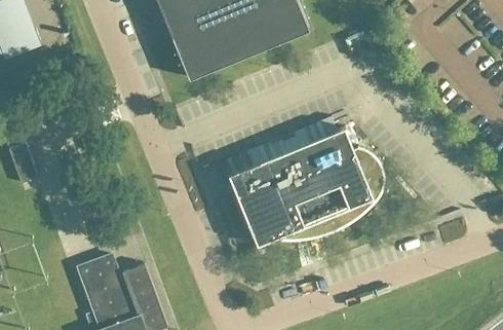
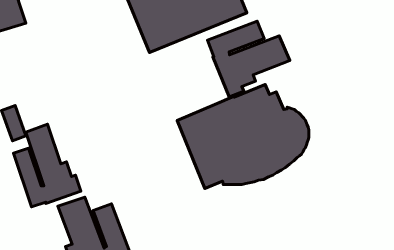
building: none -> [208,21,290,97]
building: none -> [13,124,81,207]

